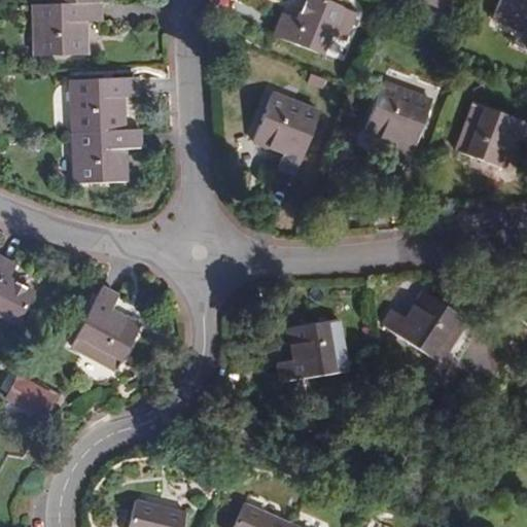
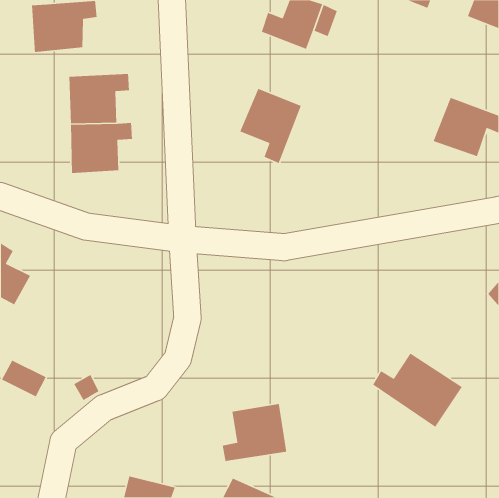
building: [364,81,431,161] -> none
building: [70,287,139,368] -> none
building: [383,290,479,370] -> [372,352,463,428]
building: [277,318,346,380] -> [222,403,287,462]

